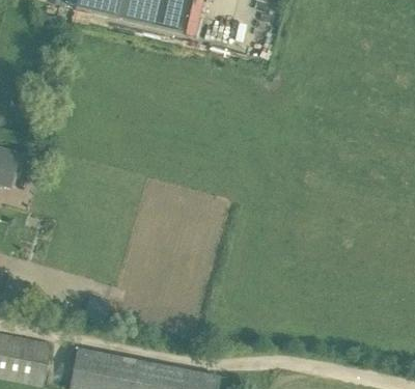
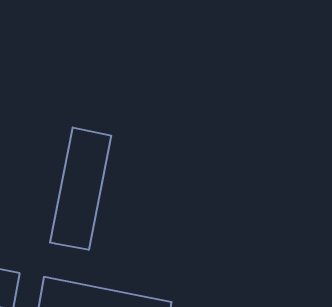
building: none -> [50,127,111,250]

